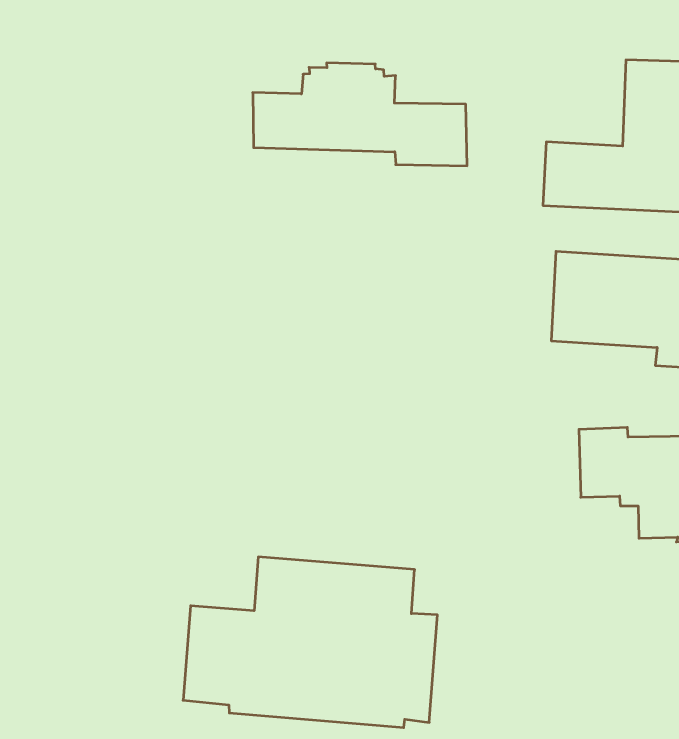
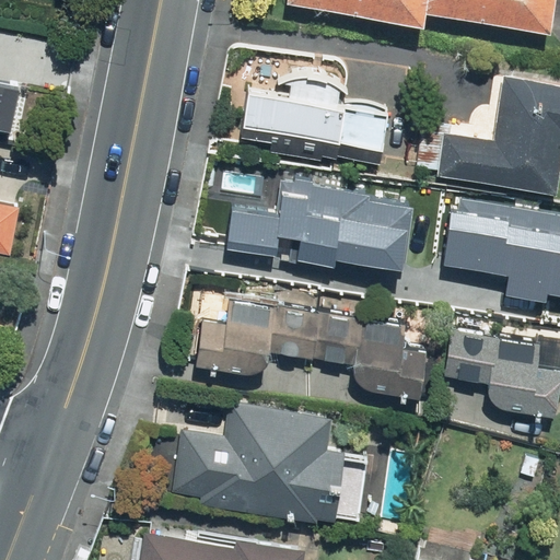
building: none -> [228,183,415,262]
building: none -> [199,299,430,398]

